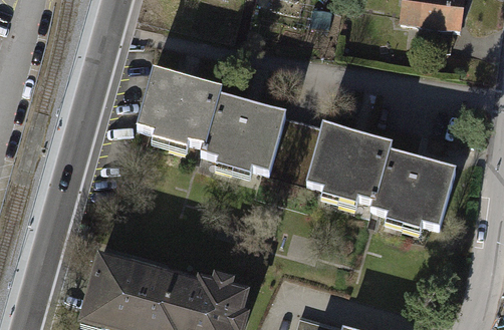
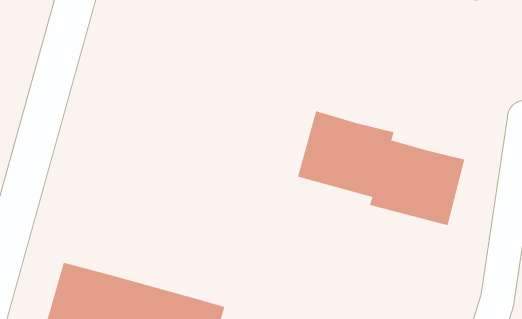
building: [139,68,288,170] -> none

